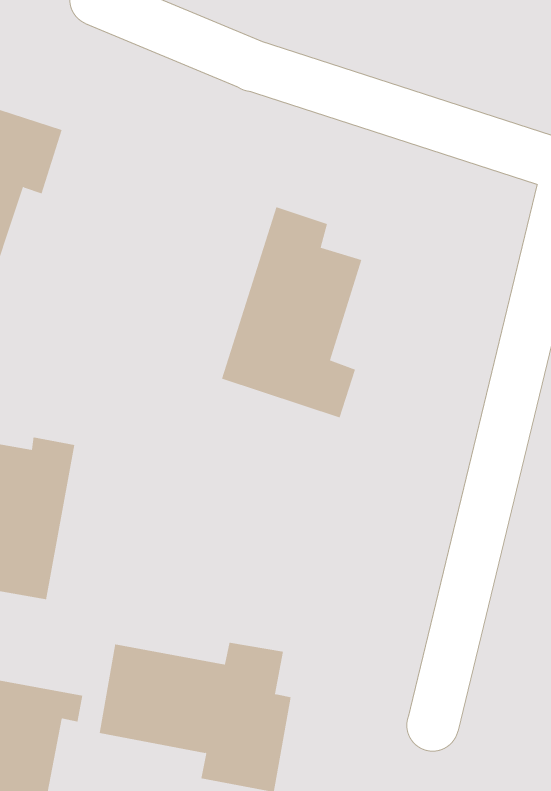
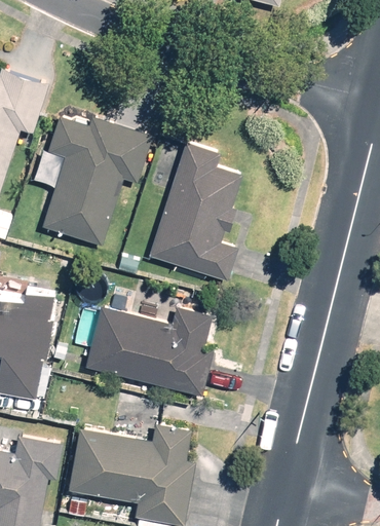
building: none -> [42,118,151,246]
building: none -> [85,306,212,396]

